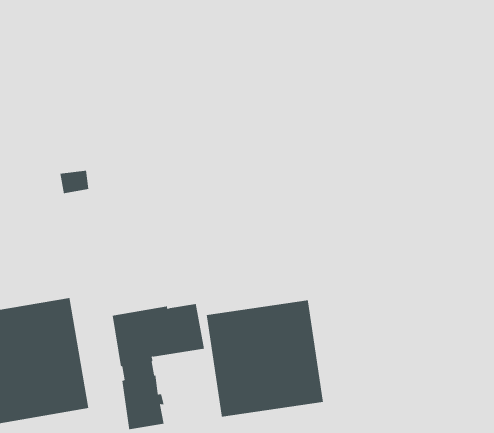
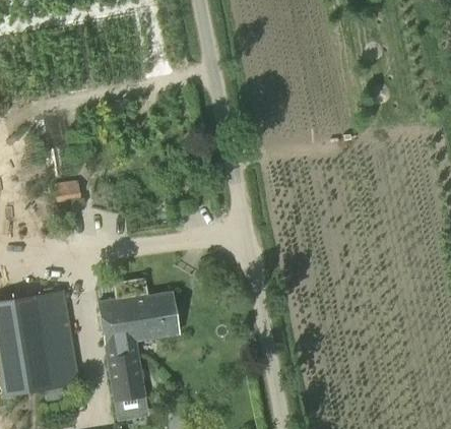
building: [206,299,323,417] -> none

